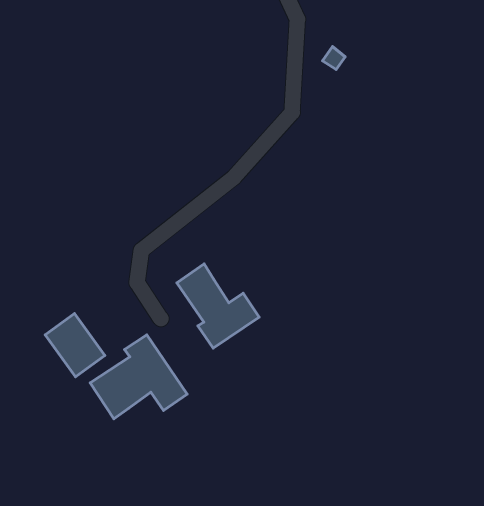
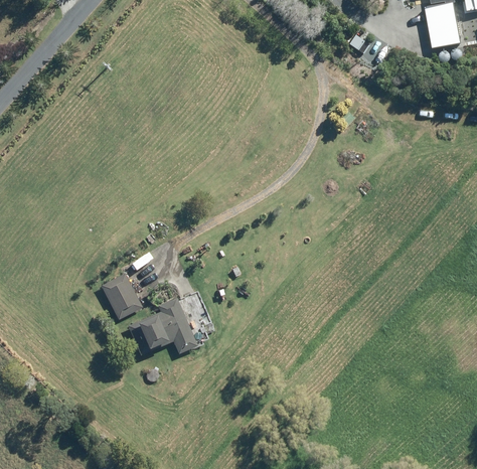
building: [177,264,259,348] -> none

